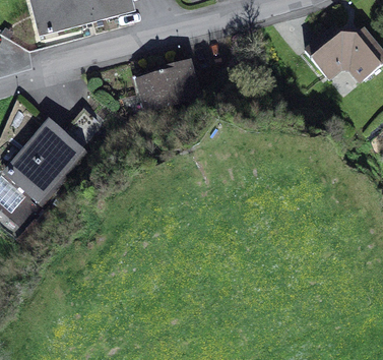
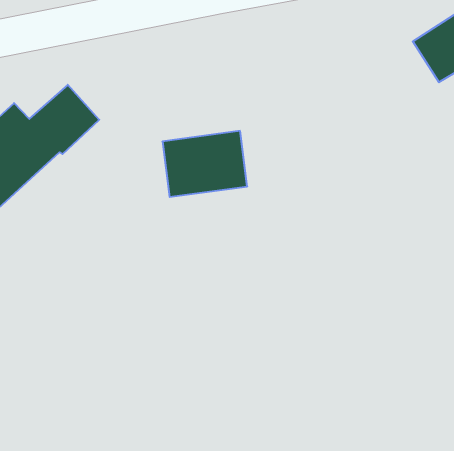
building: [135,63,194,112] -> [162,131,247,197]

